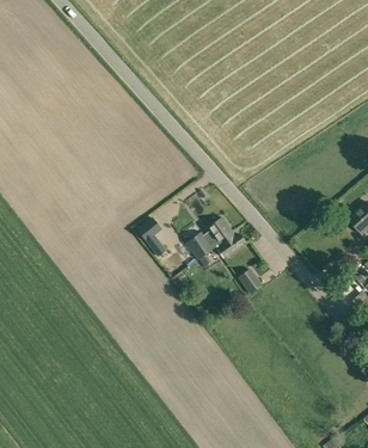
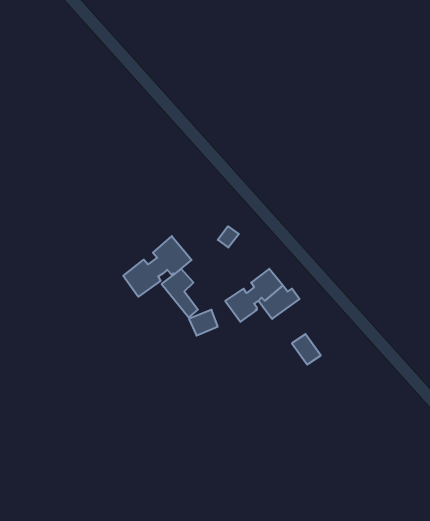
building: none -> [123,236,192,297]

